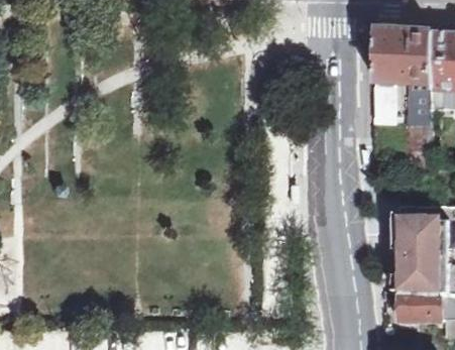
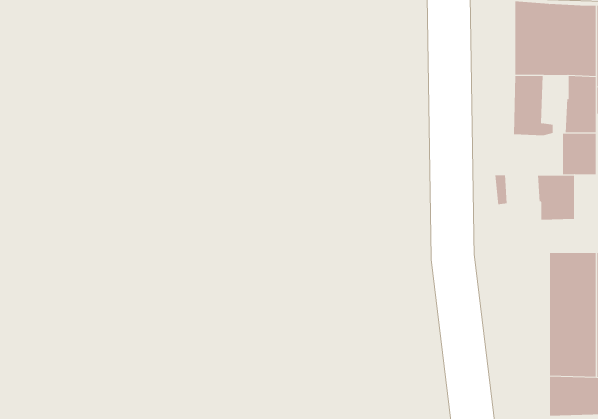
building: none -> [537,175,575,221]

